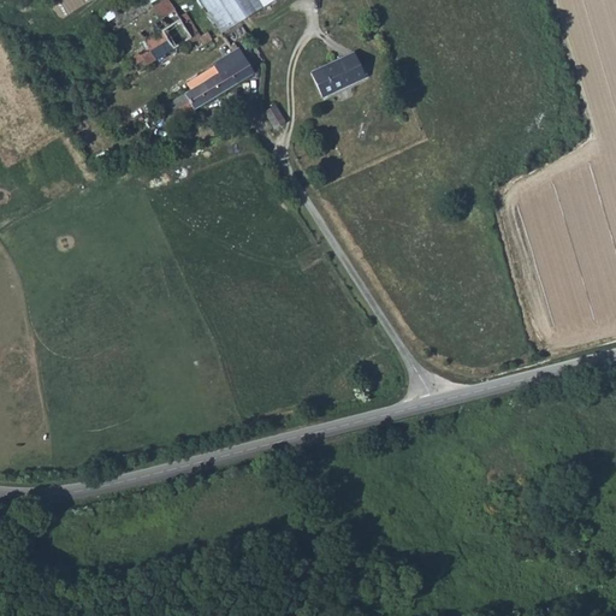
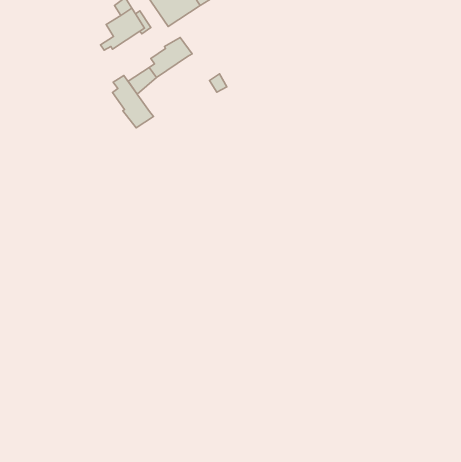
building: [312,48,366,94] -> none
building: none -> [112,75,153,128]

